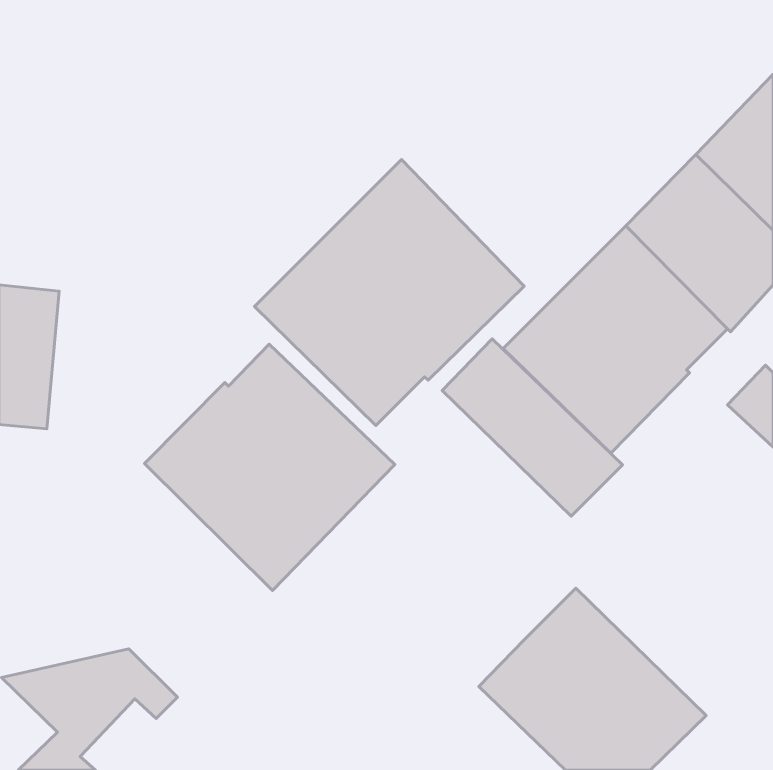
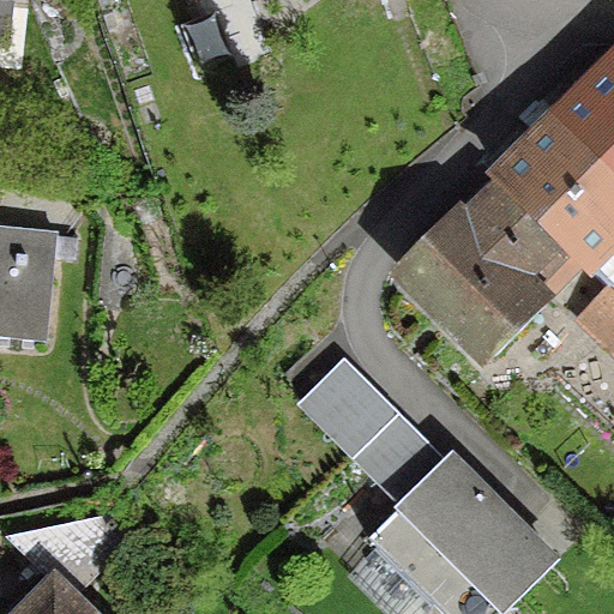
building: [255,160,524,426] -> none
building: [442,339,623,516] -> [313,366,456,506]
building: [144,344,395,591] -> none

